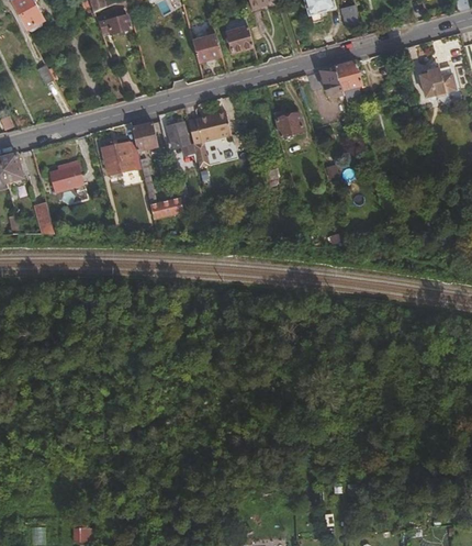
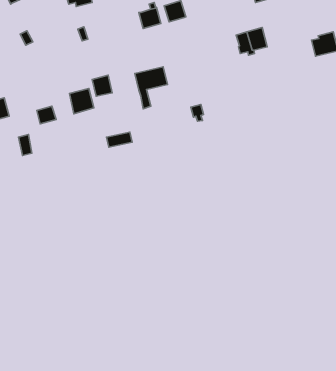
building: [274,112,302,137] -> none
building: [167,123,195,154] -> none

